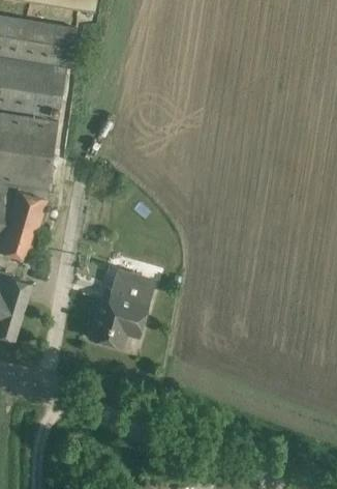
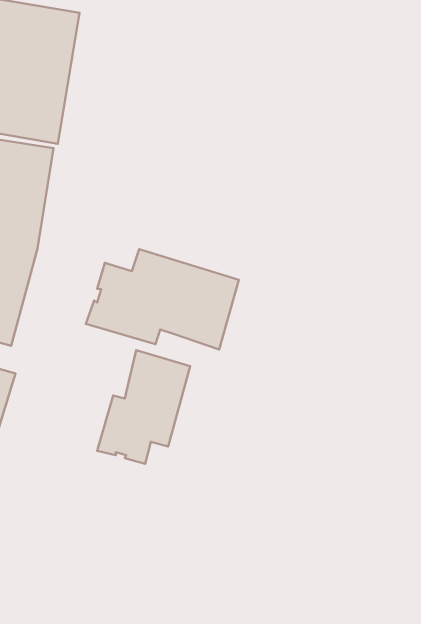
building: none -> [86,249,239,349]

